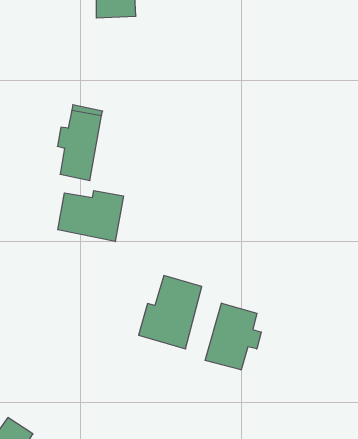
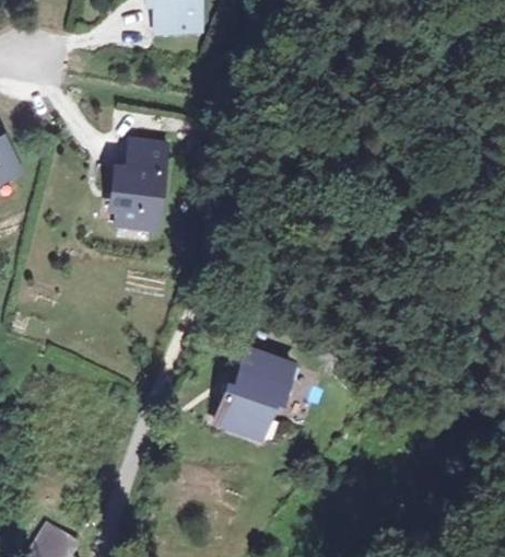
building: [58,191,123,242] -> none
building: [205,303,261,370] -> none

